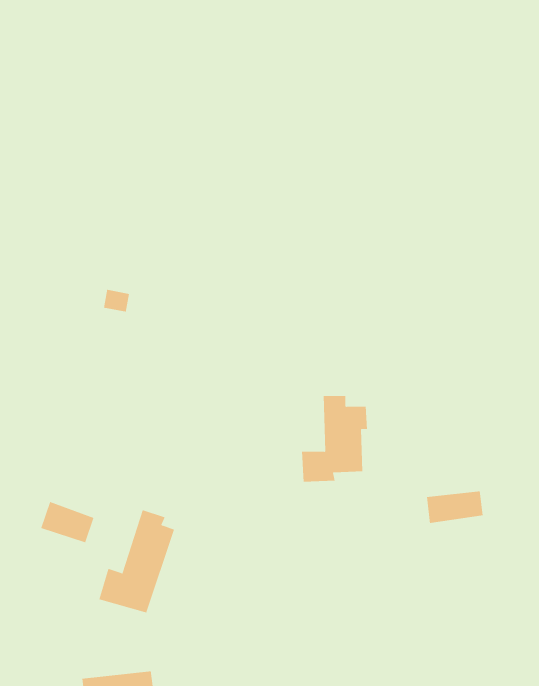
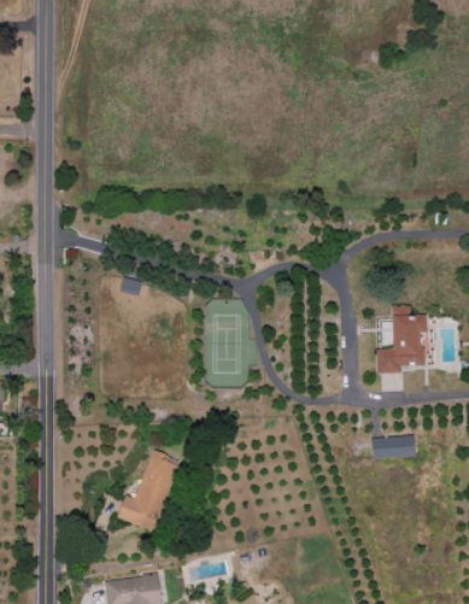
building: [301,395,368,482] -> [375,306,427,374]
building: [40,501,94,543] -> none

